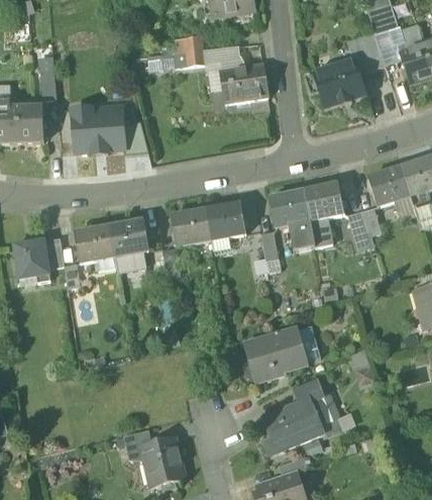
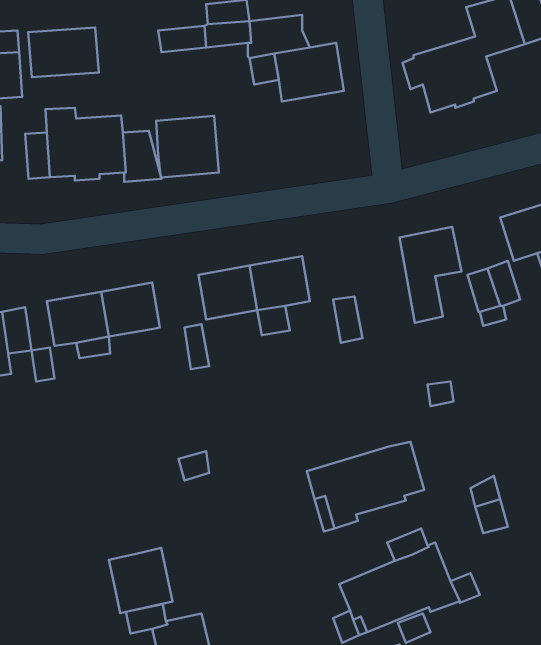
building: none -> [28,27,99,77]
building: none -> [156,116,219,177]
building: [269,190,313,249] -> none
building: [113,249,145,272] -> none
building: none -> [109,548,173,613]

